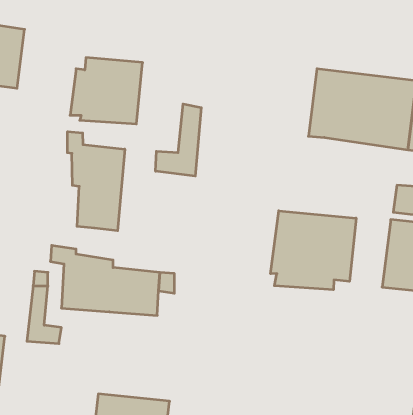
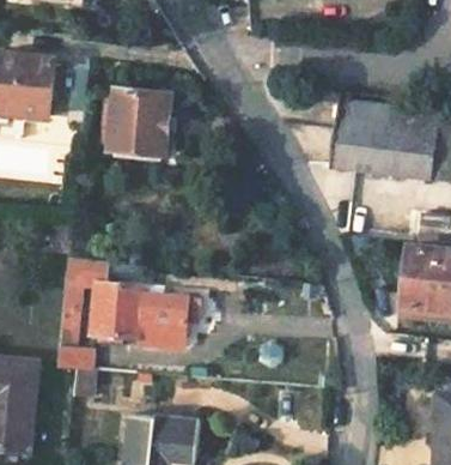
building: [156,104,201,176] -> none
building: [67,132,125,231] -> none
building: [271,211,356,290] -> none

